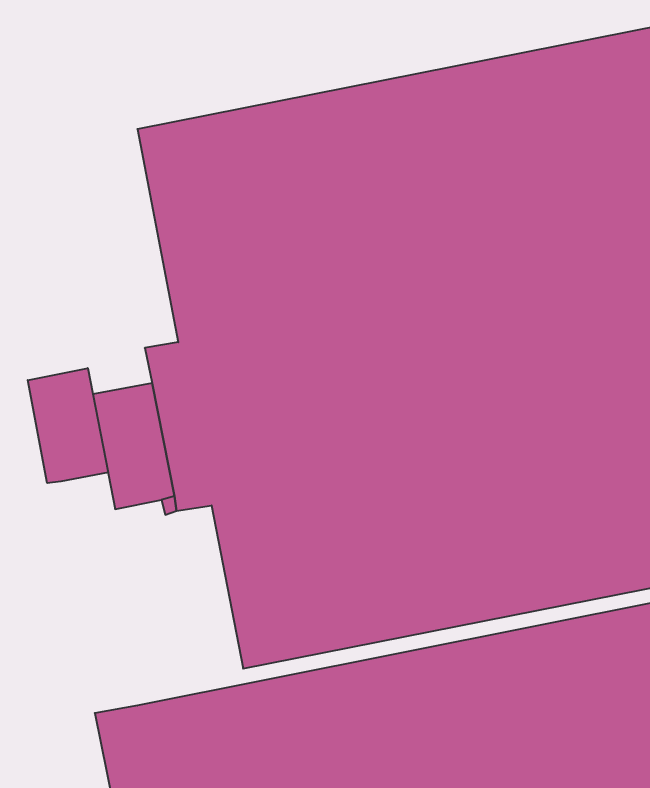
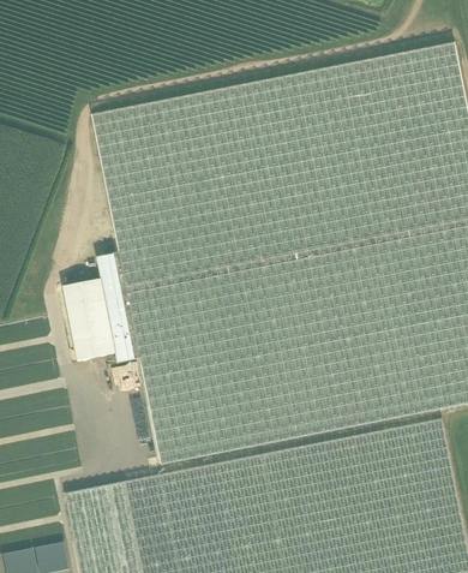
building: [28,368,108,483] -> none

